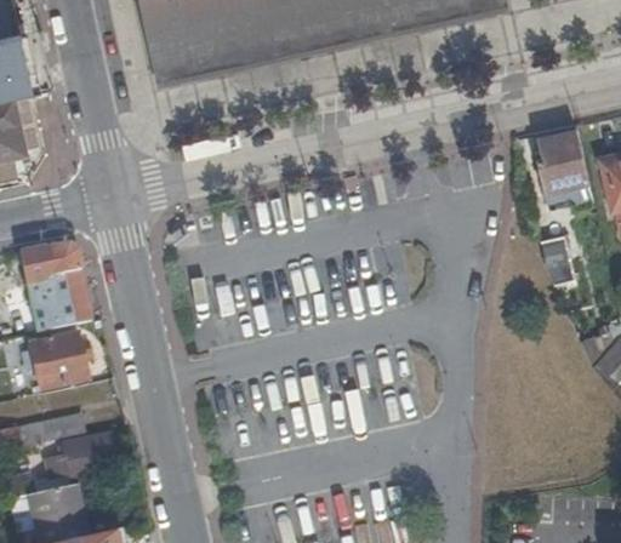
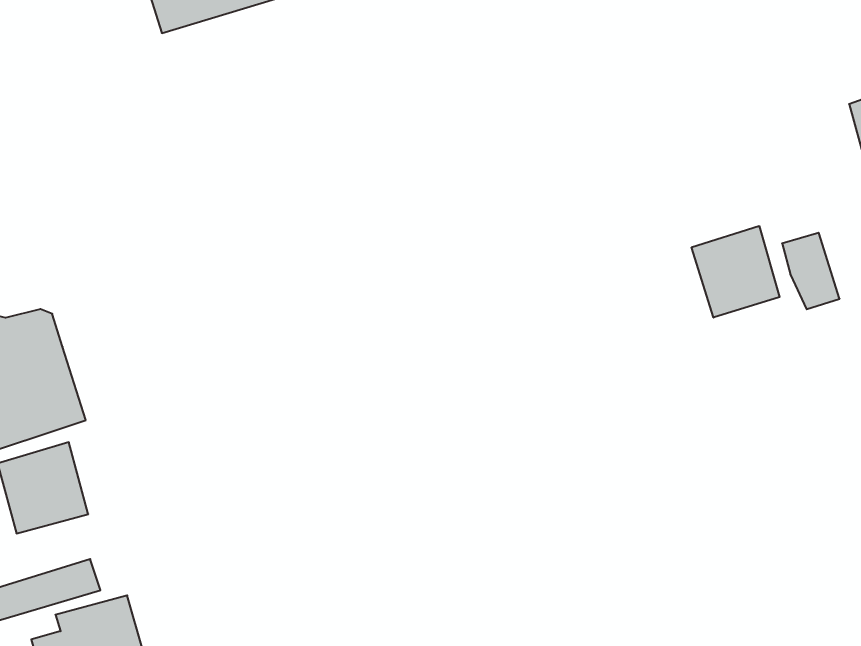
building: [534,127,586,188] -> none
building: none -> [692,226,780,318]

